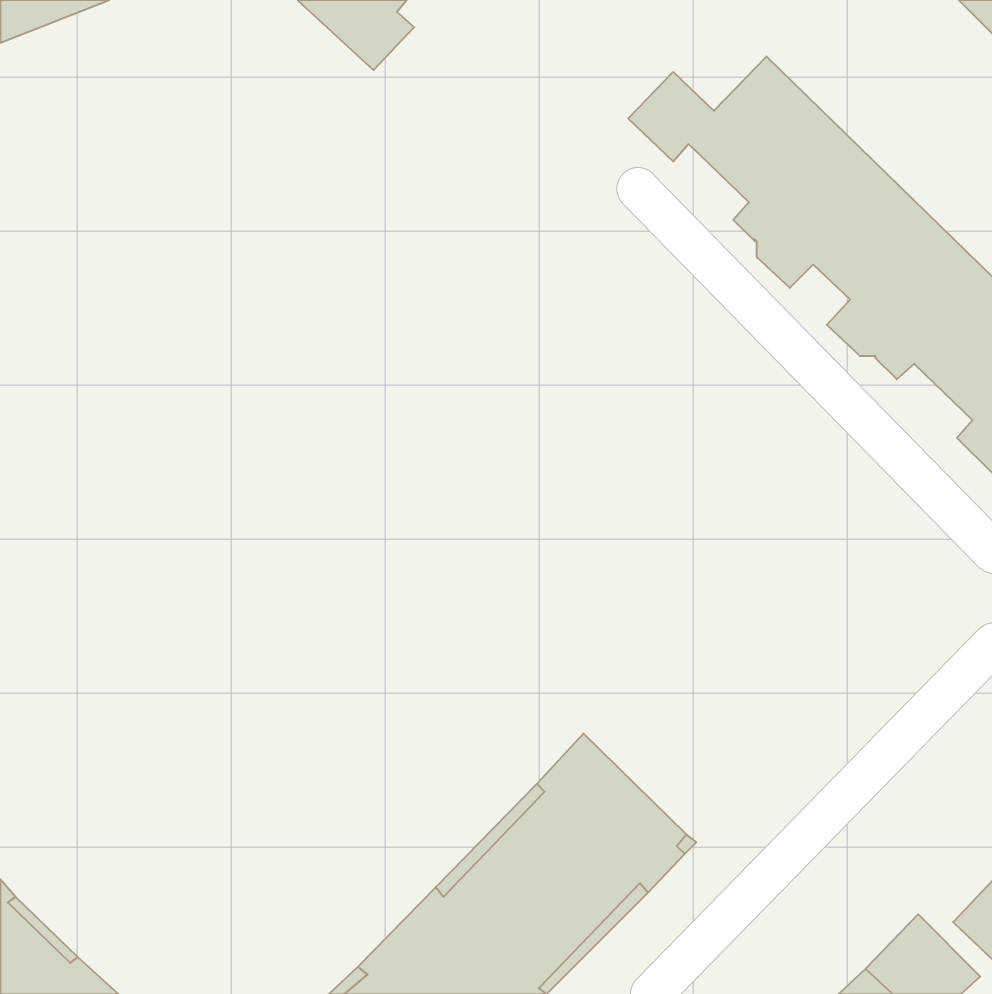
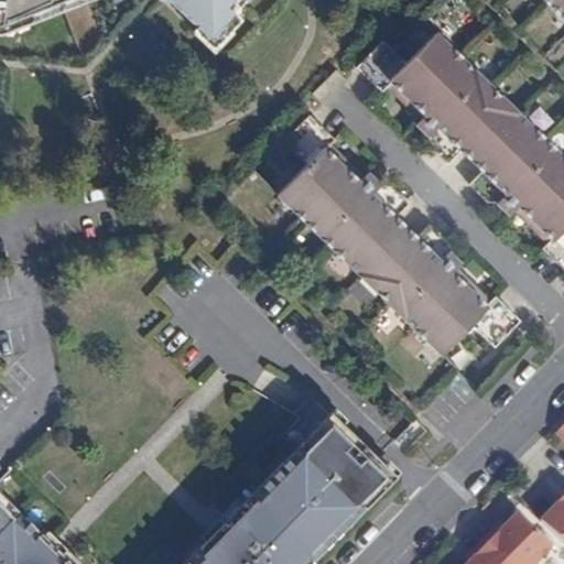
building: none -> [278,116,521,355]

